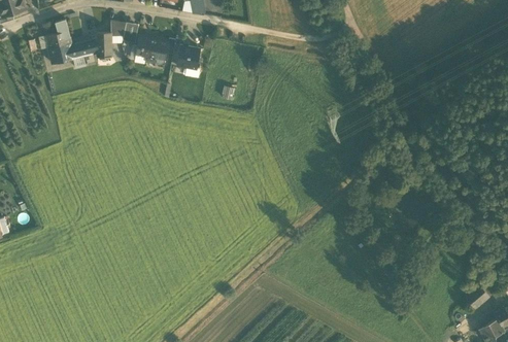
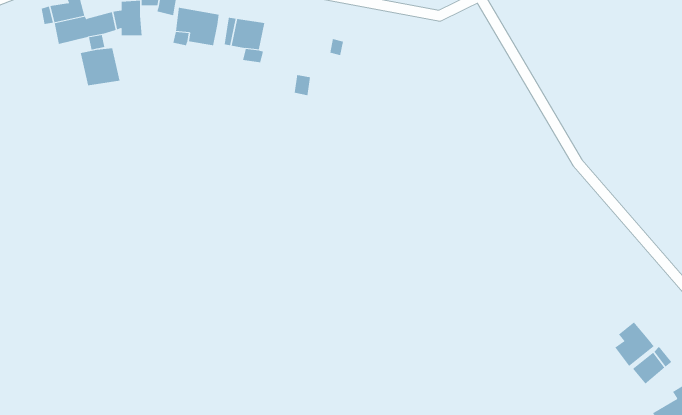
building: none -> [80,47,120,86]
building: none -> [614,321,654,367]

